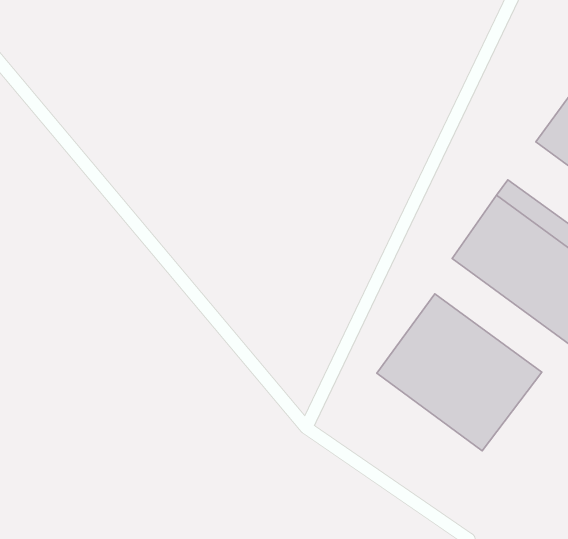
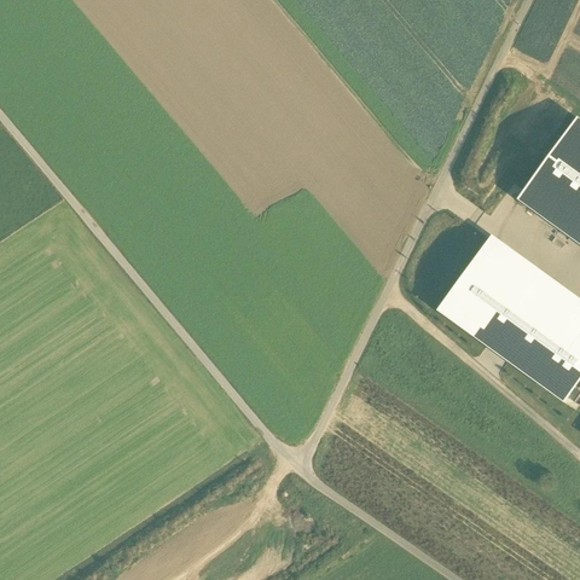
building: [377,294,542,451] -> none

